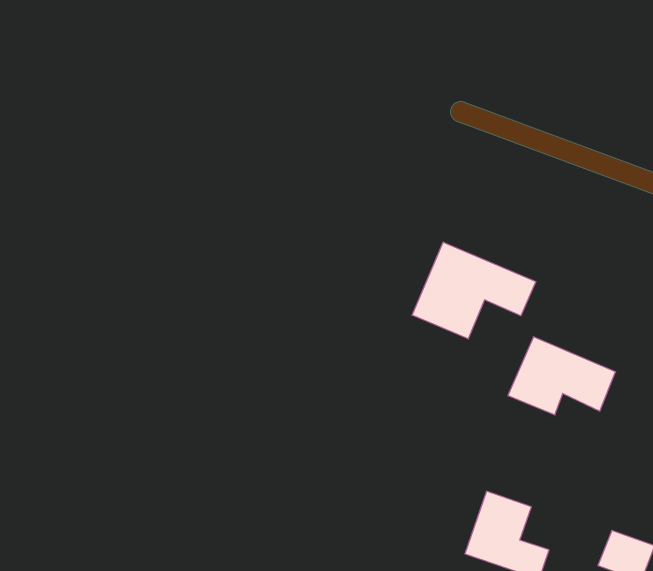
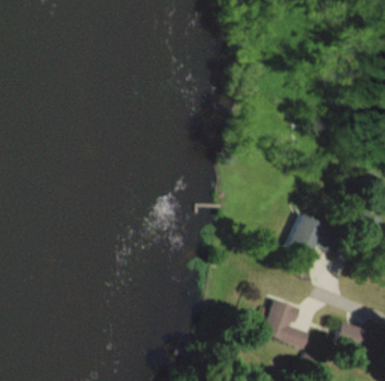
building: [412,242,536,339] -> none

